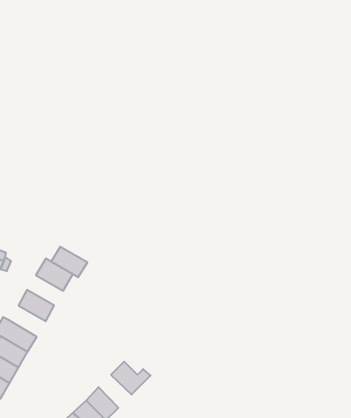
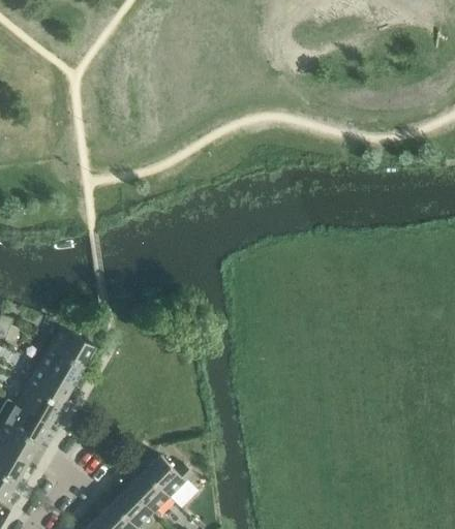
building: [51,247,87,277] -> [37,347,83,385]
building: none -> [16,385,61,425]
building: none -> [127,472,169,514]

